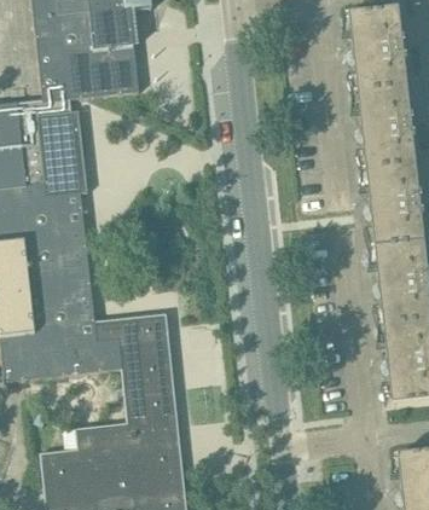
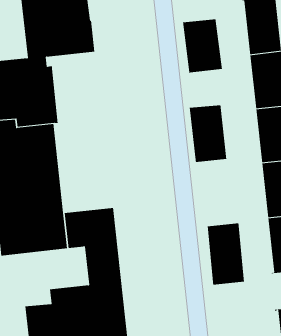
building: none -> [182,18,222,74]
building: none -> [189,104,227,163]
building: none -> [207,223,245,285]

